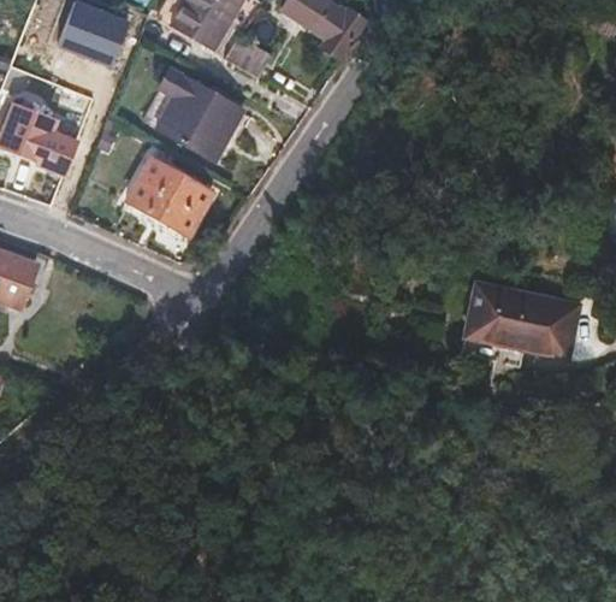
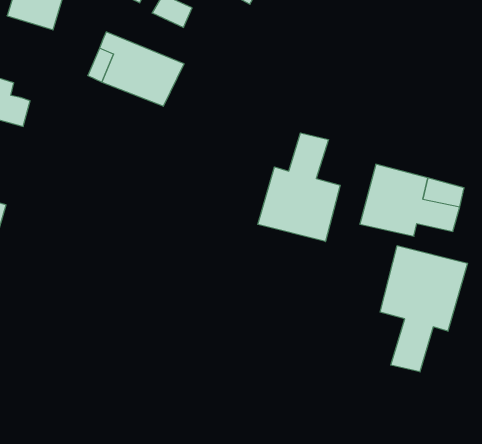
building: [130,160,214,236] -> none
building: none -> [258,133,340,242]
building: none -> [380,246,468,372]

